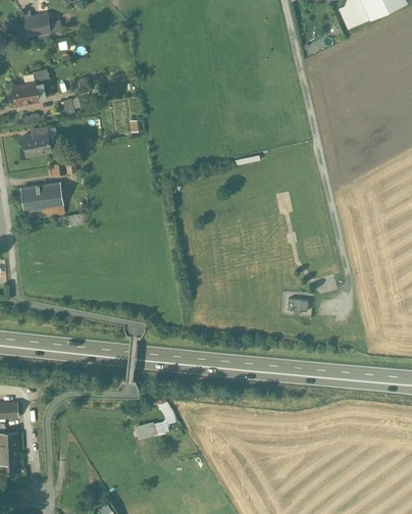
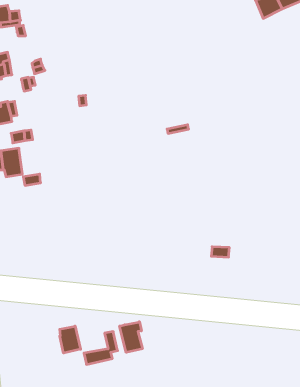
building: none -> [120,322,142,352]
building: none -> [60,326,81,353]

